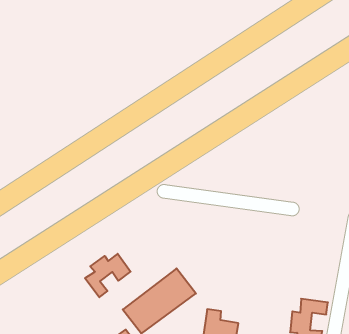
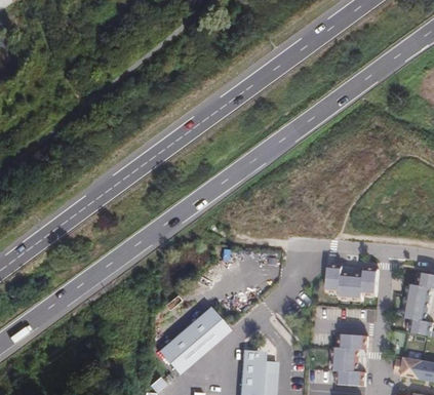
building: none -> [325,265,376,301]
building: [85,254,131,297] -> none

